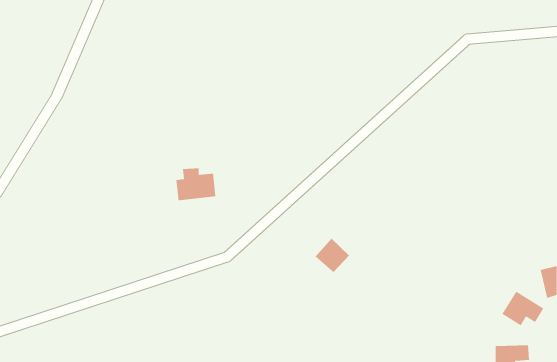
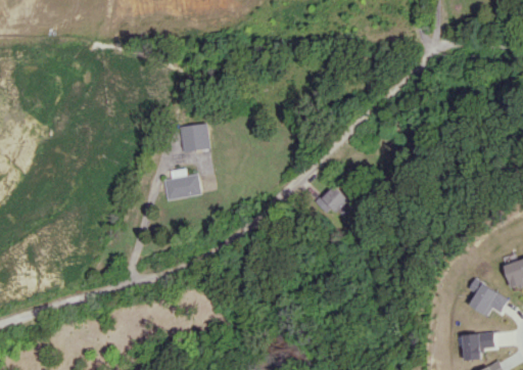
building: none -> [181,124,210,151]
building: [315,238,350,273] -> [318,183,350,216]

